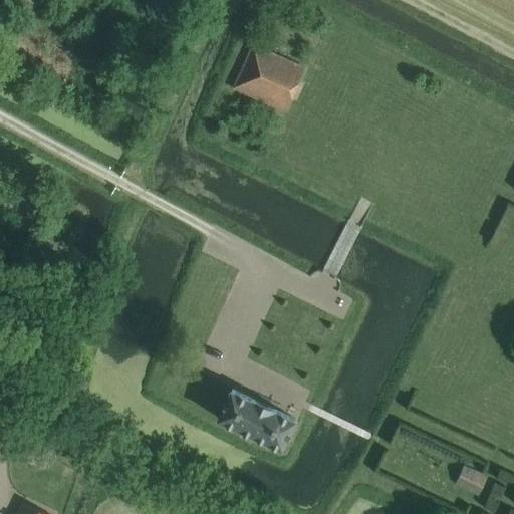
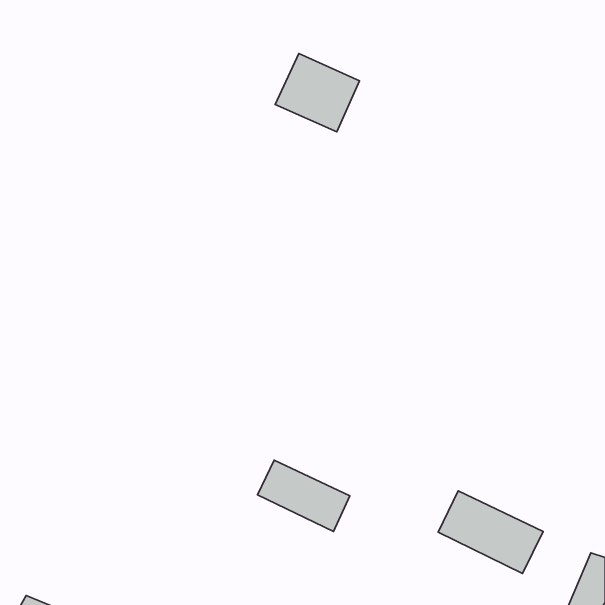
building: none -> [438,491,543,574]
building: [455,466,486,496] -> none

